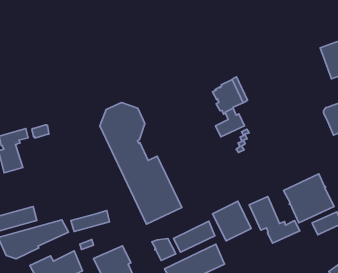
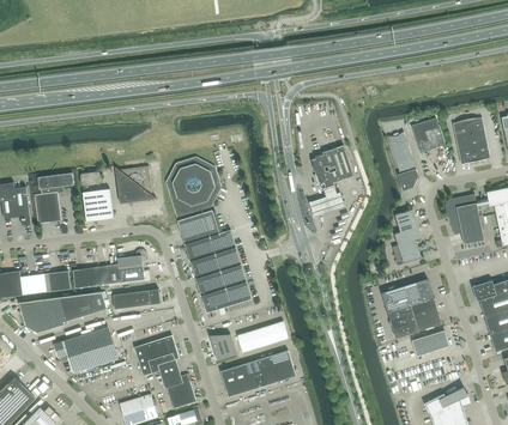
building: none -> [412,120,442,151]
building: none -> [387,132,418,190]
building: none -> [114,165,156,204]
building: none -> [391,210,425,266]
building: none -> [81,188,113,221]
building: none -> [68,249,146,287]
building: [249,197,300,243] -> none
building: [213,201,251,241] -> none

